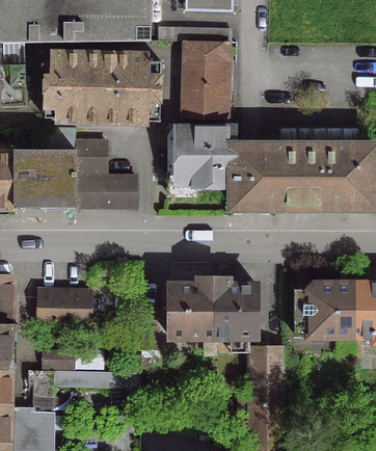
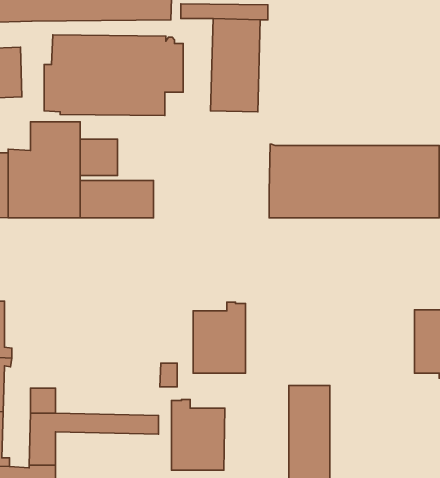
building: [177,129,234,185] -> none
building: [212,277,257,337] -> [172,399,225,470]
building: [294,284,353,337] -> none
building: [36,290,91,325] -> none

